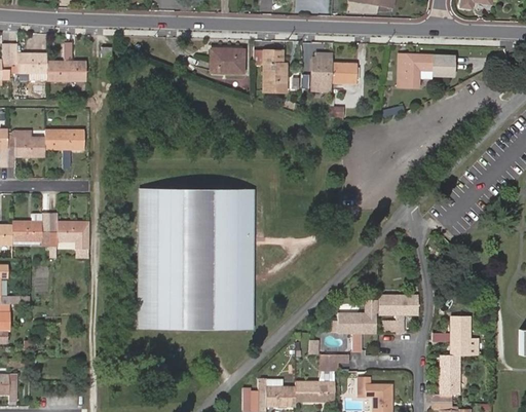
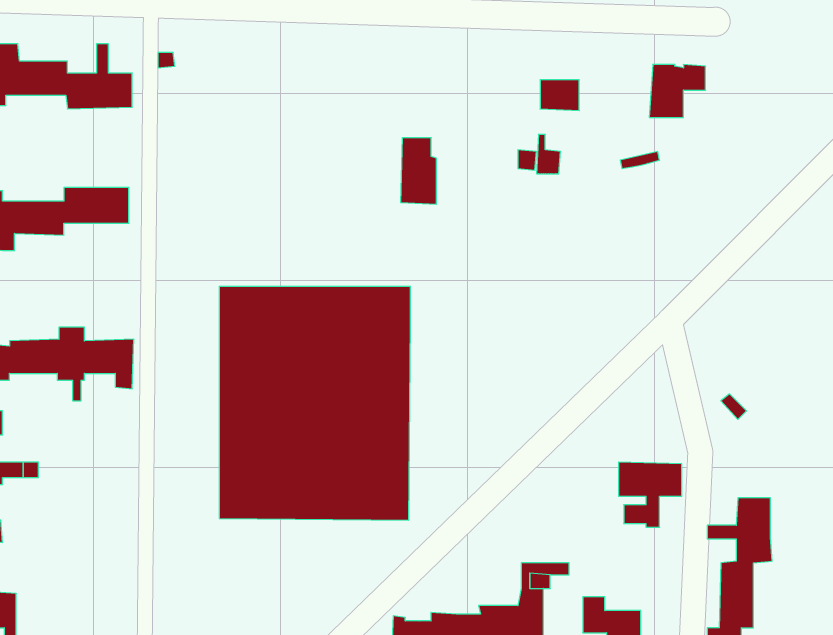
building: [212,49,243,73] -> none
building: [264,52,286,92] -> [401,138,436,204]
building: [312,54,333,83] -> none
building: [431,57,453,77] -> none
building: [333,300,376,352] -> none

